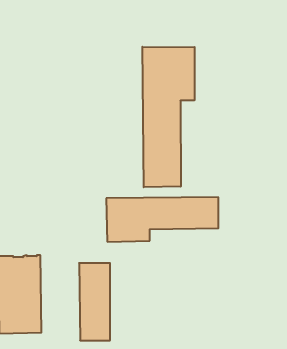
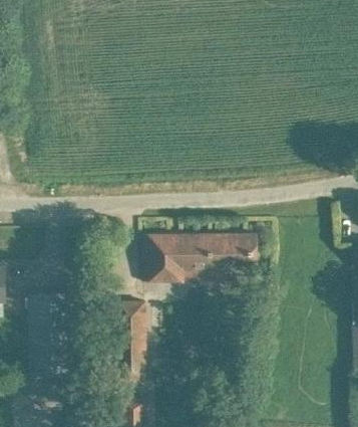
building: [142,47,195,187] -> none

